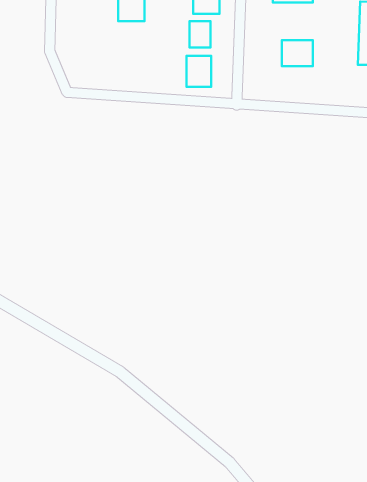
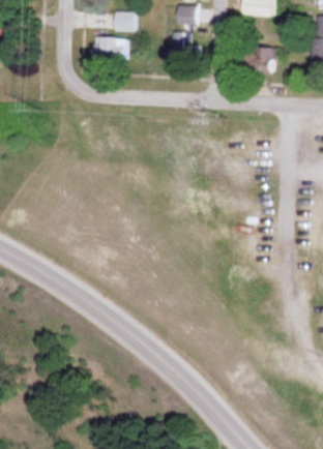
building: none -> [99,37,127,56]
building: [186,56,211,87] -> none

